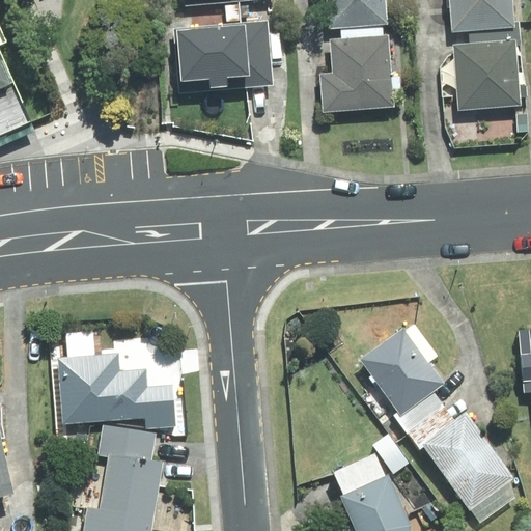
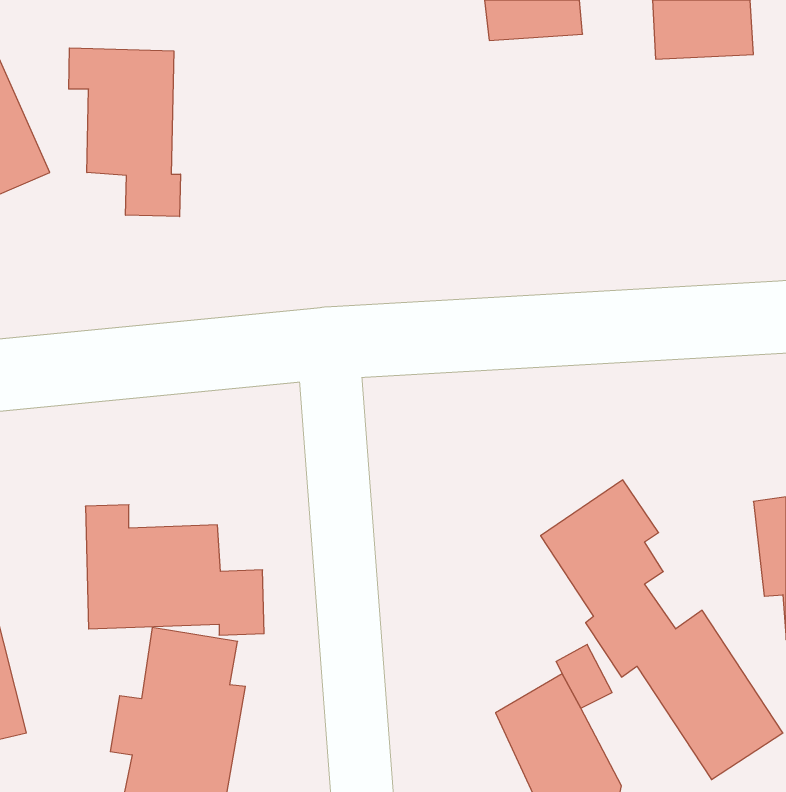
building: [175,21,275,92] -> none
building: [320,31,396,111] -> none
building: none -> [69,48,180,217]
building: [443,44,507,118] -> none

